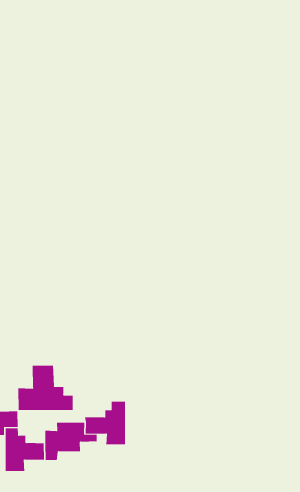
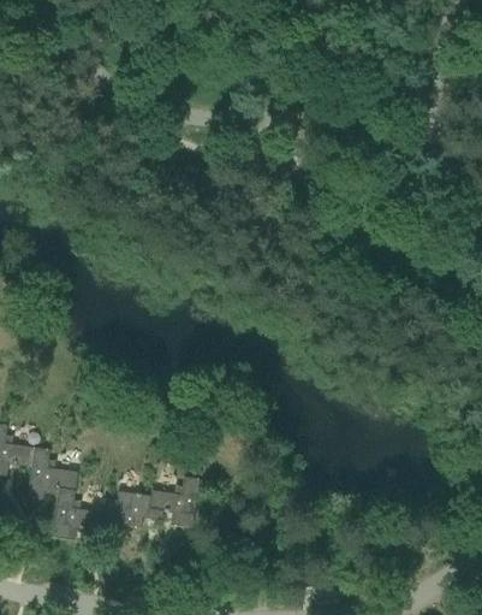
building: [18,365,73,411] -> none

